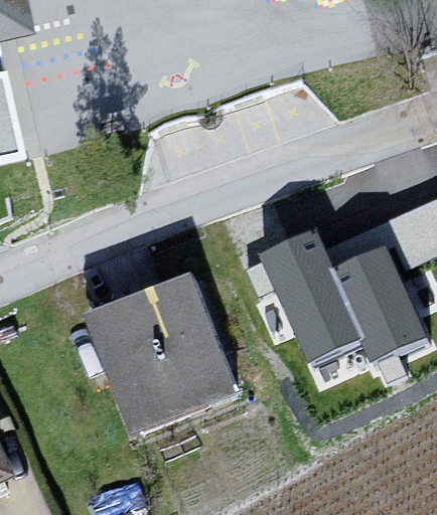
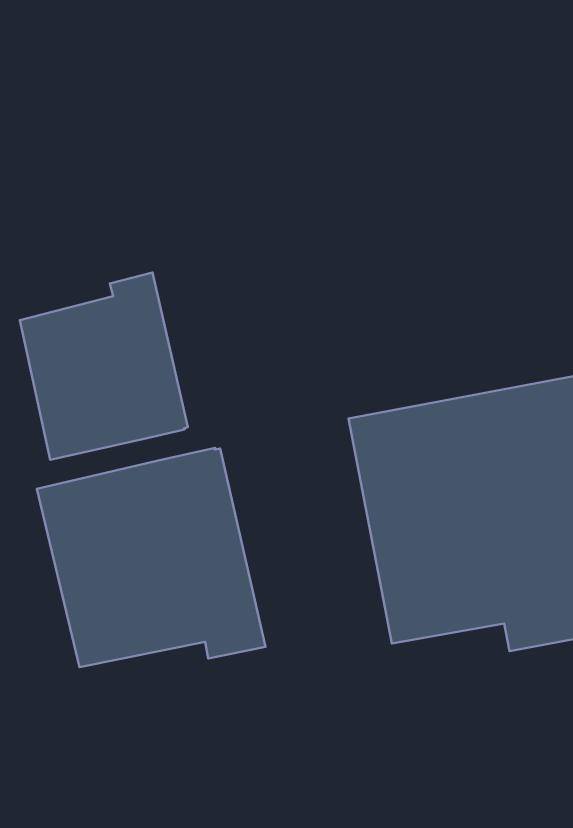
building: none -> [20,273,188,460]

